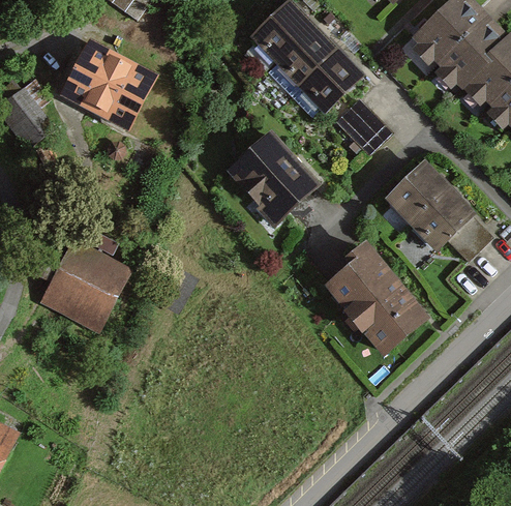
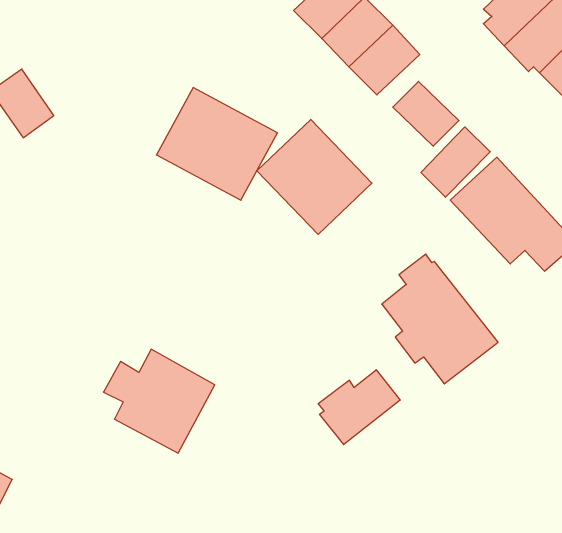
building: [54,37,156,132] -> [156,88,278,200]
building: none -> [421,127,490,197]
building: [34,241,128,329] -> [103,349,215,453]
building: none -> [318,370,400,445]

